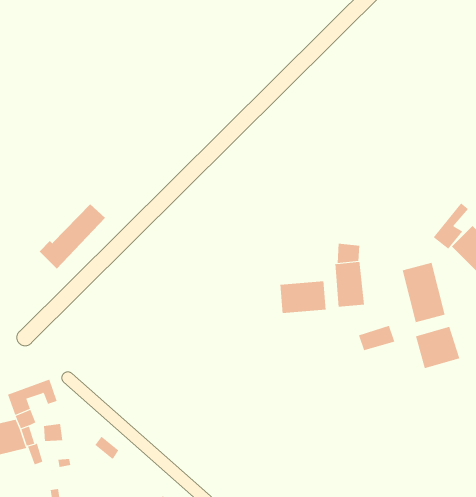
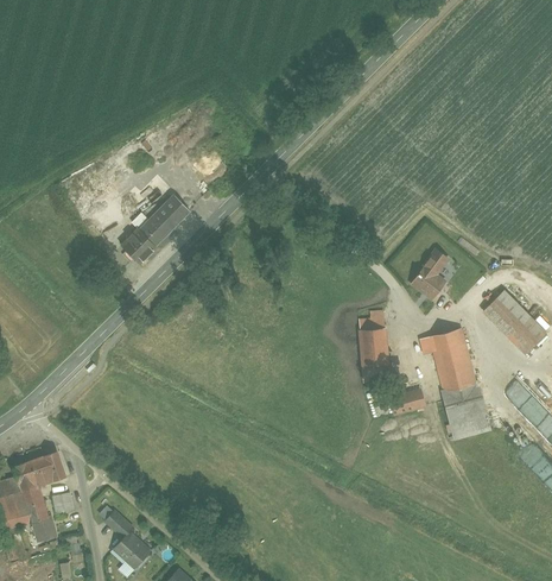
building: [433,202,469,250] -> [408,244,446,293]
building: [39,203,106,269] -> [119,198,190,269]
building: [280,280,326,314] -> none
building: none -> [113,532,148,566]

